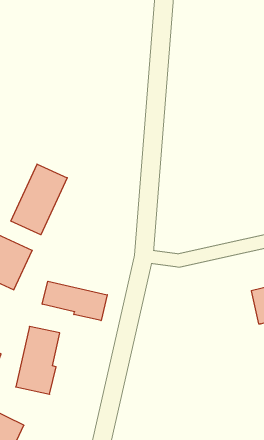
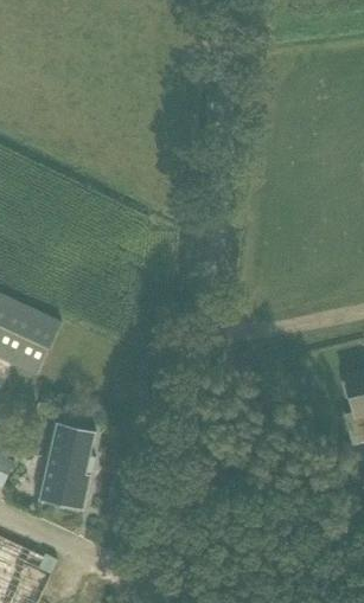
building: [11,164,67,235] -> none
building: [42,281,107,321] -> none

